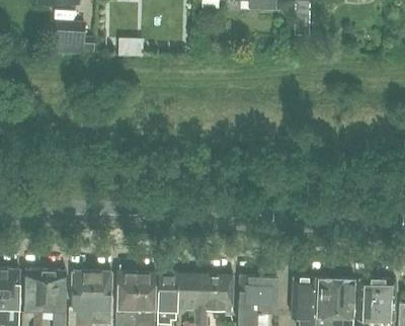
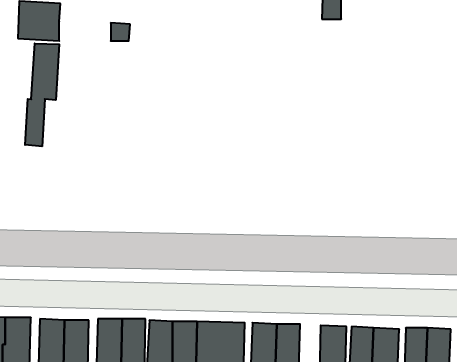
building: none -> [25,43,59,146]

